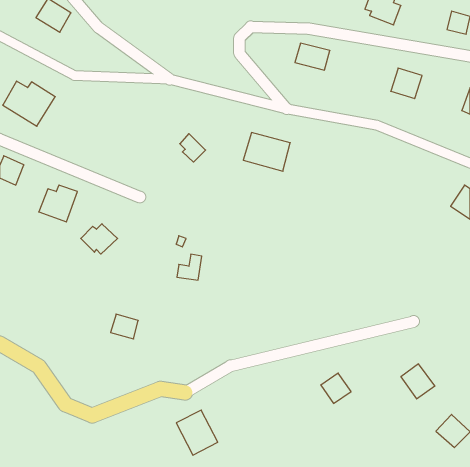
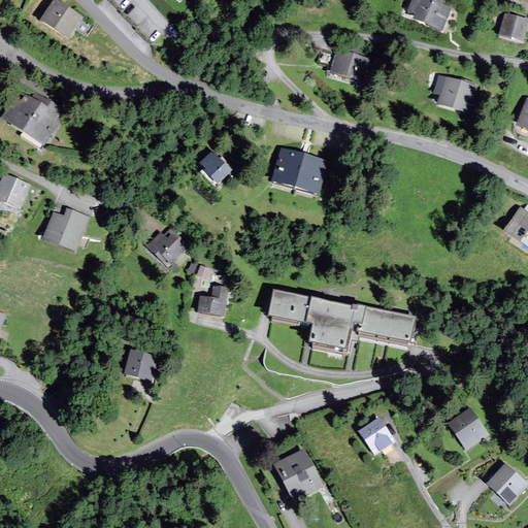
building: [81,224,118,254] -> [146,228,188,262]
building: none -> [269,293,410,352]
building: [176,410,218,455] -> [274,449,321,499]

